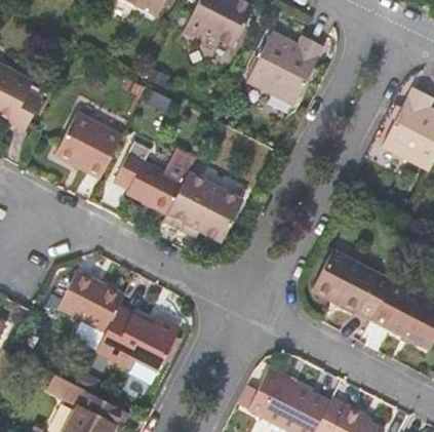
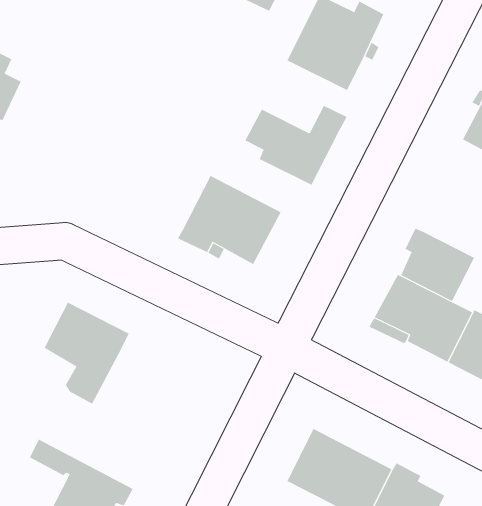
building: [52,111,122,180] -> none
building: [114,151,194,213] -> [244,105,347,185]
building: none -> [401,228,475,302]
building: [96,307,180,369] -> none

